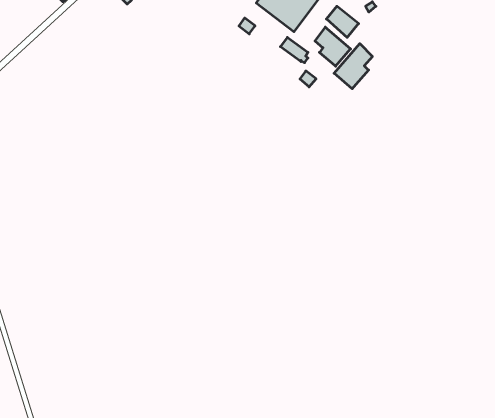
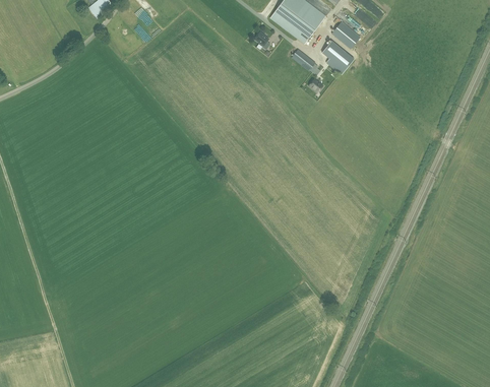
building: [334,44,372,89] -> none

